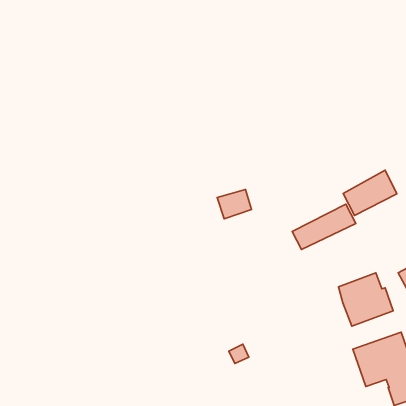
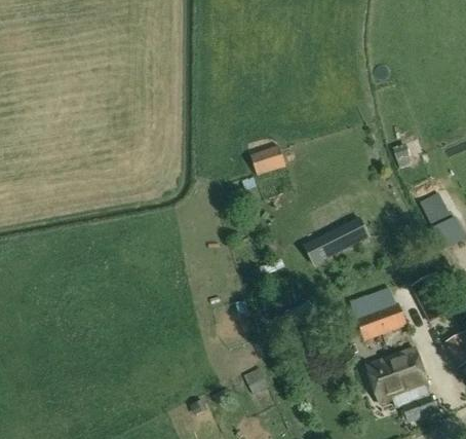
building: [343,170,397,216] -> none
building: [217,189,251,219] -> [248,146,283,176]

